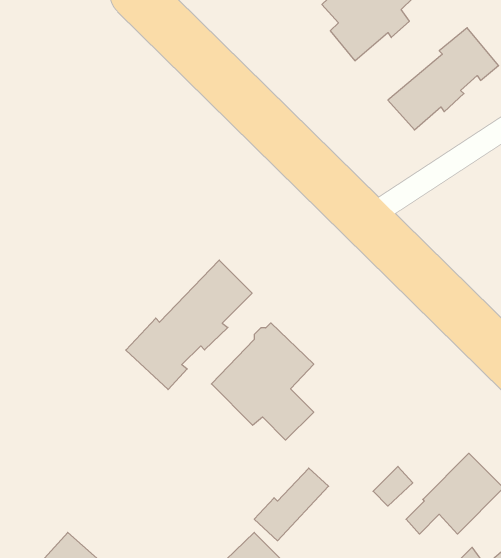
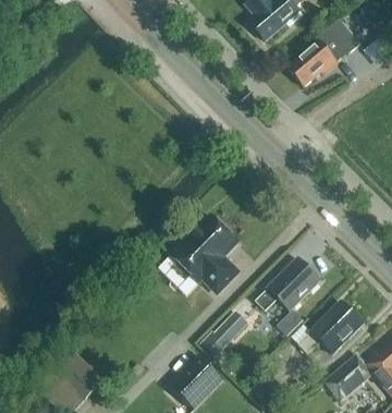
building: [126,260,252,390] -> none
building: none -> [257,257,320,309]

